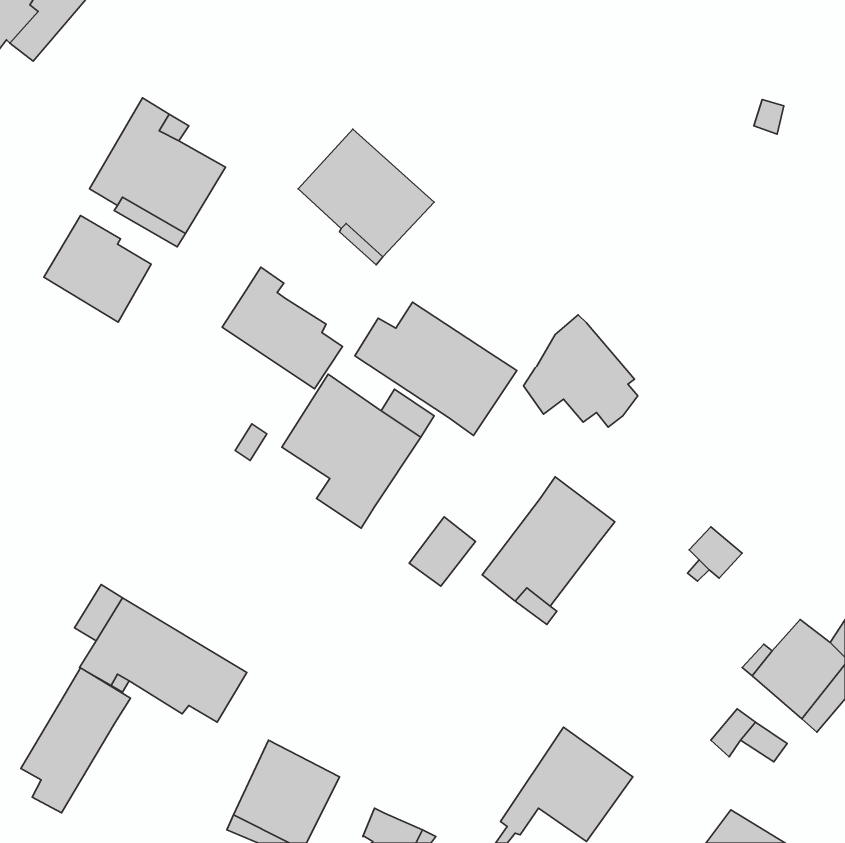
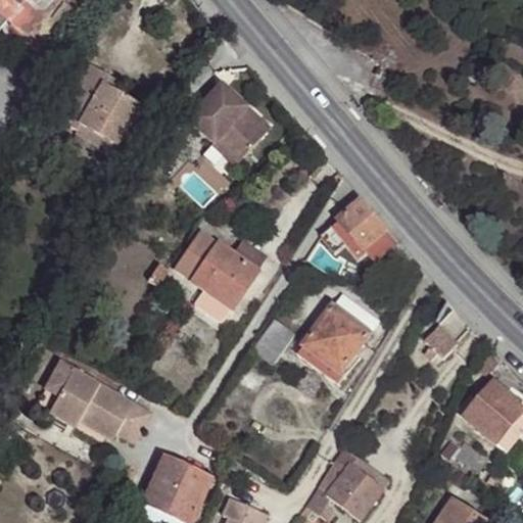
building: [44,215,151,322] -> none
building: [222,267,343,389] -> none
building: [355,302,517,435] -> none
building: [21,668,131,813] -> none

